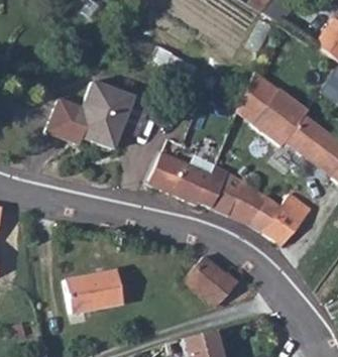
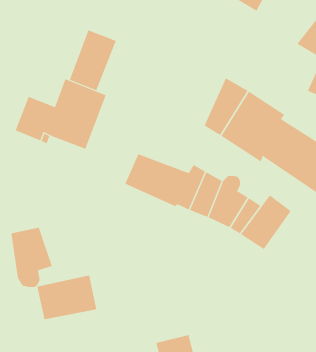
building: none -> [69,29,116,91]
building: none -> [11,227,52,288]
building: [189,256,241,306] -> none

